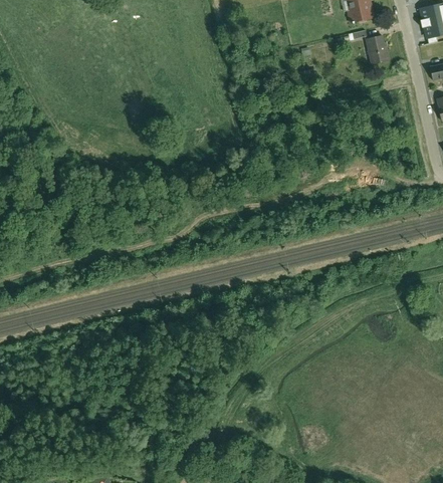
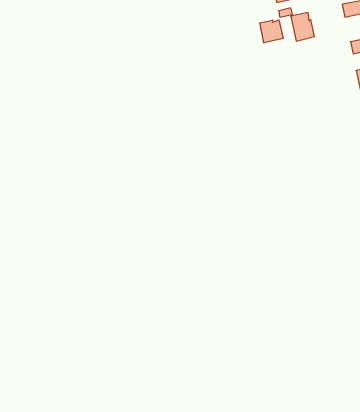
building: none -> [260,20,283,43]

